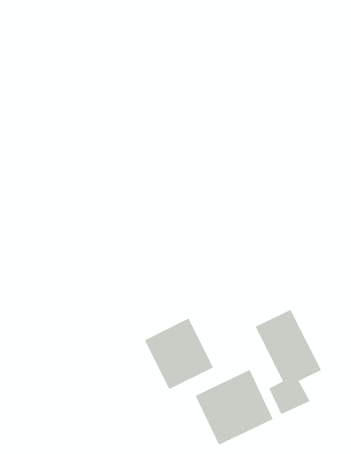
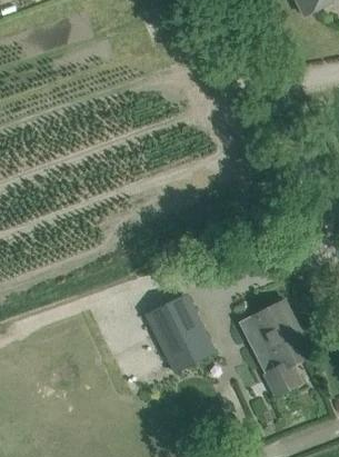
building: [195,369,274,446] -> none

